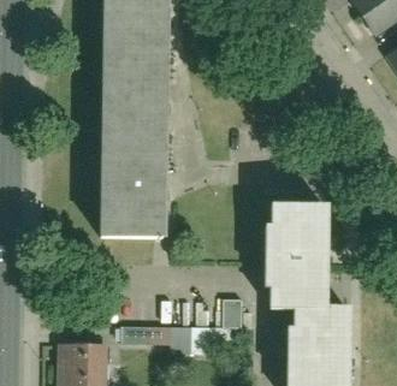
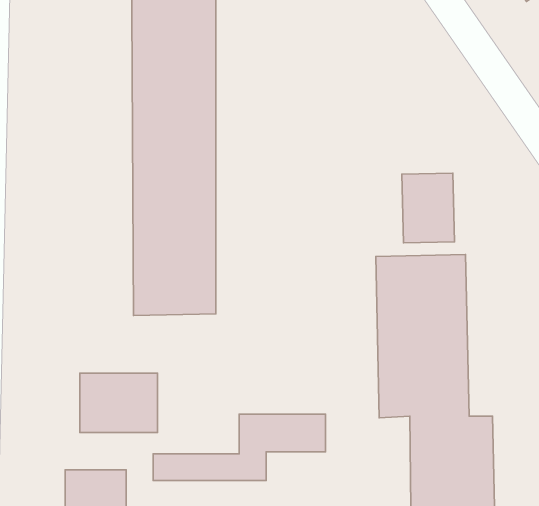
building: none -> [402,173,455,243]
building: none -> [80,373,157,433]

